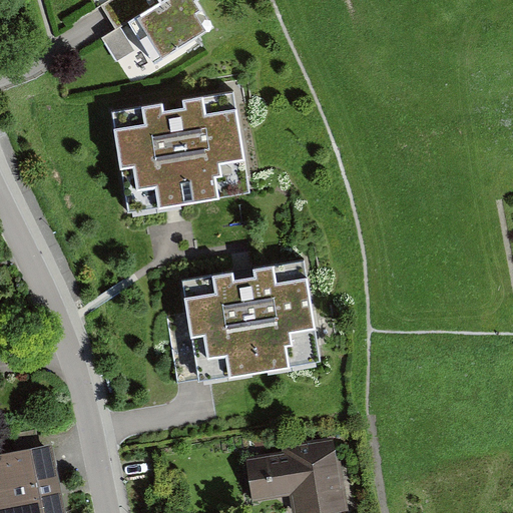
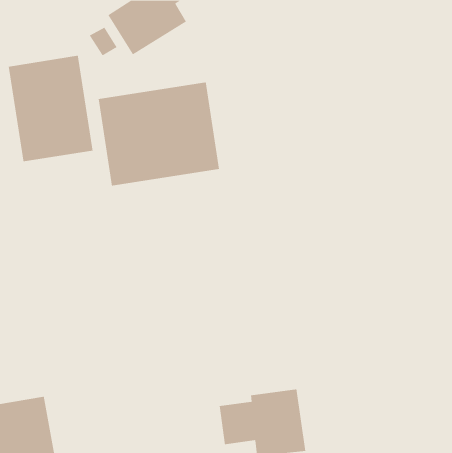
building: none -> [8,55,93,162]
building: [180,262,319,381] -> none

